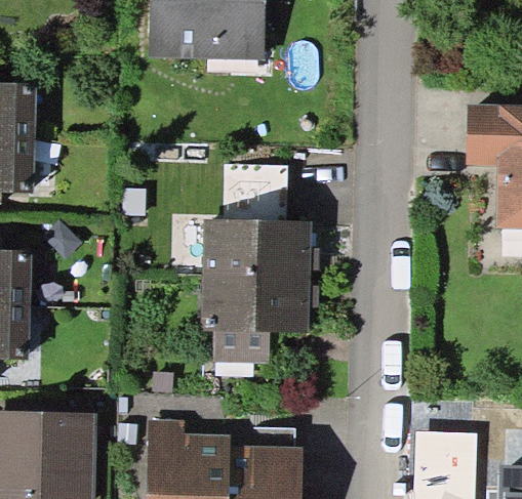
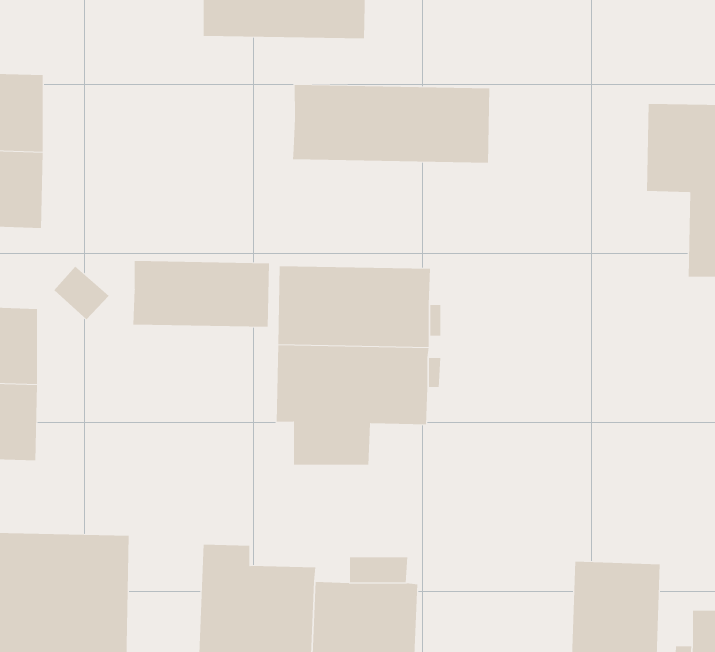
building: none -> [293,84,490,163]
building: none -> [133,260,269,328]

